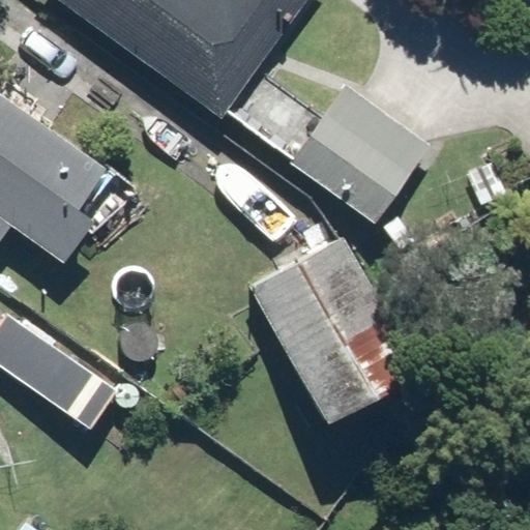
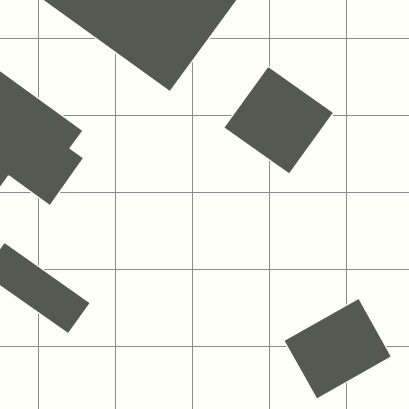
building: [248,232,422,428] -> none
building: none -> [284,298,392,399]

